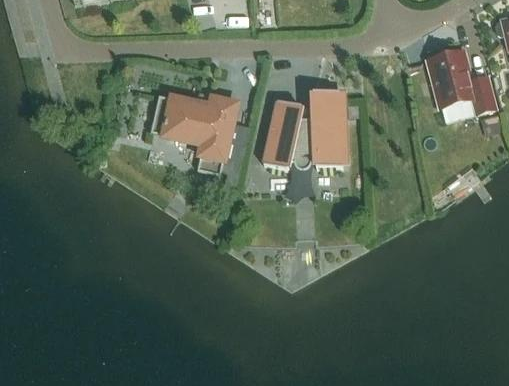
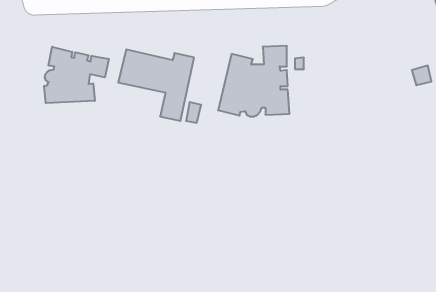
building: [428,49,495,119] -> none
building: none -> [44,47,109,103]

